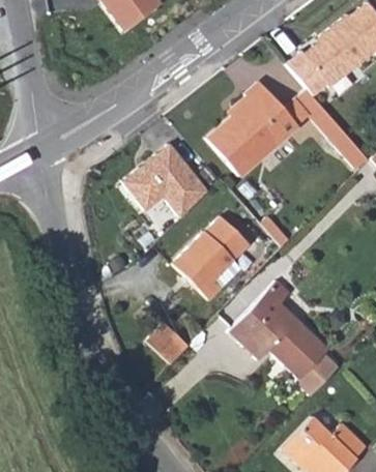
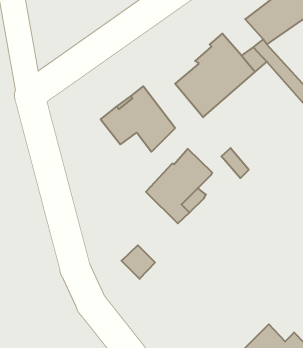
building: [227,281,340,393] -> none

